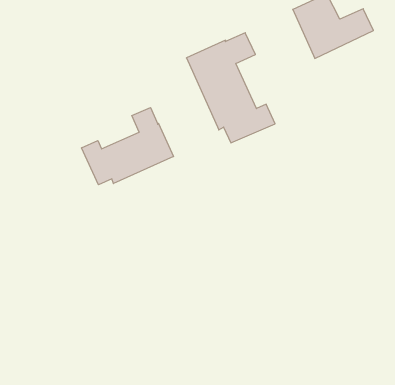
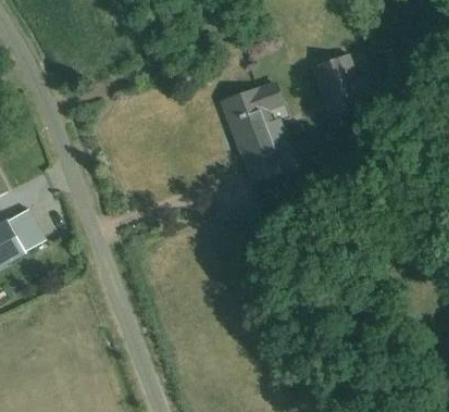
building: [82,108,173,185] -> none

